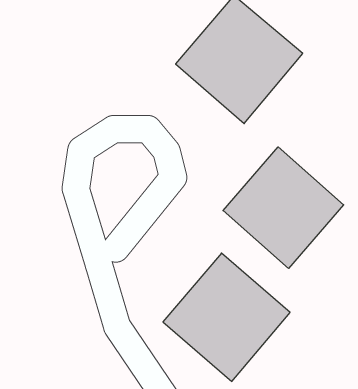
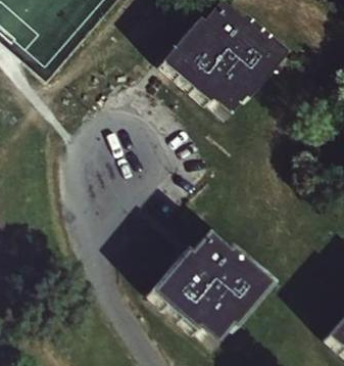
building: [223,147,344,268] -> none

